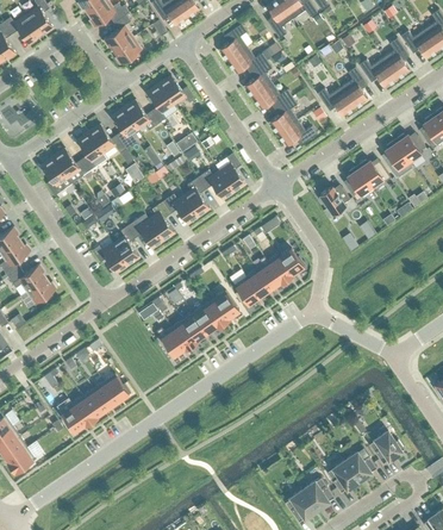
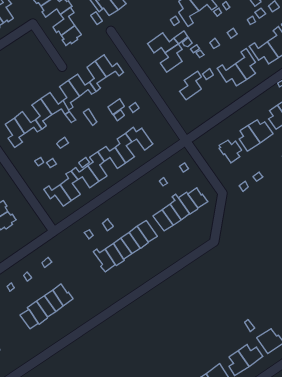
building: [218,25,247,62] -> none
building: [251,85,292,111] -> none
building: [276,120,317,146] -> none
building: [216,154,244,192] -> none

